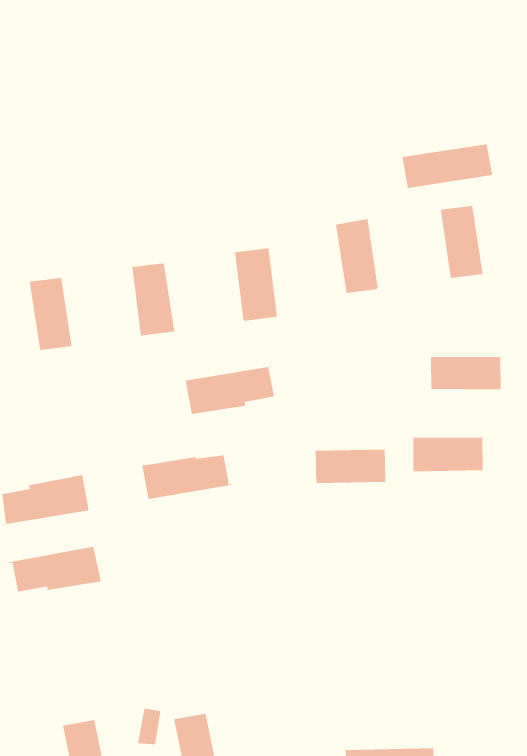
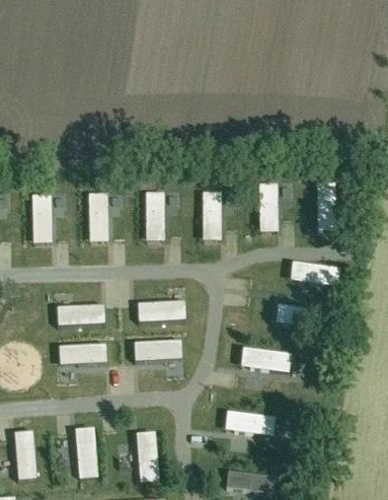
building: [401,143,493,189] -> none
building: [185,365,275,415] -> [133,340,181,361]
building: [315,449,386,484] -> [249,349,290,371]
building: none -> [234,412,275,435]

